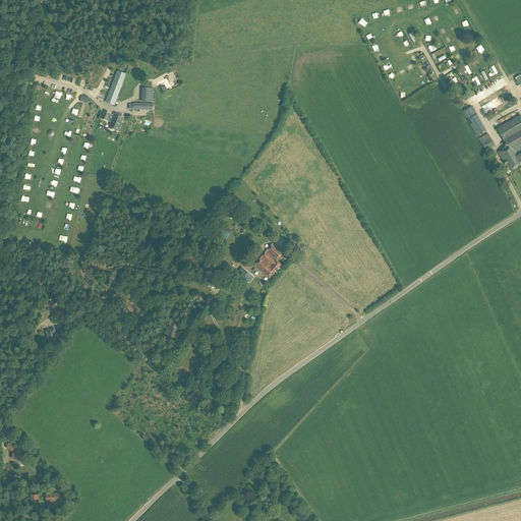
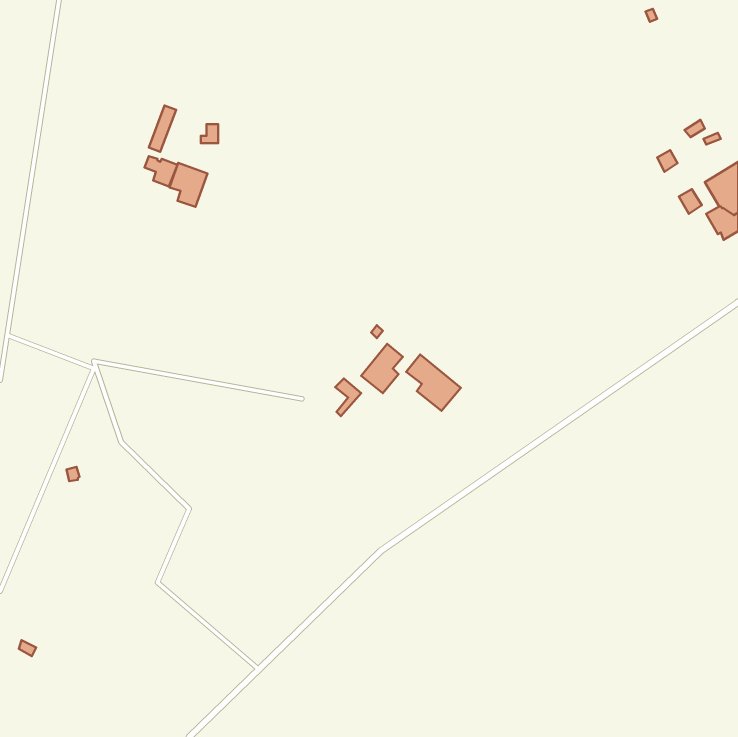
building: none -> [169,163,208,207]
building: none -> [406,355,461,411]

